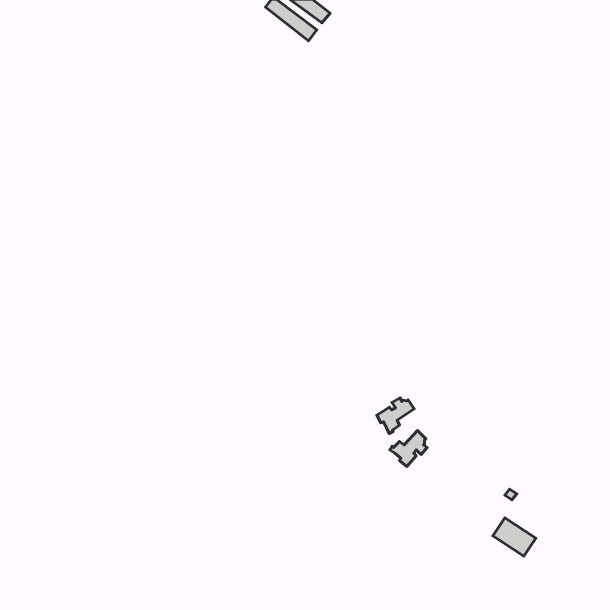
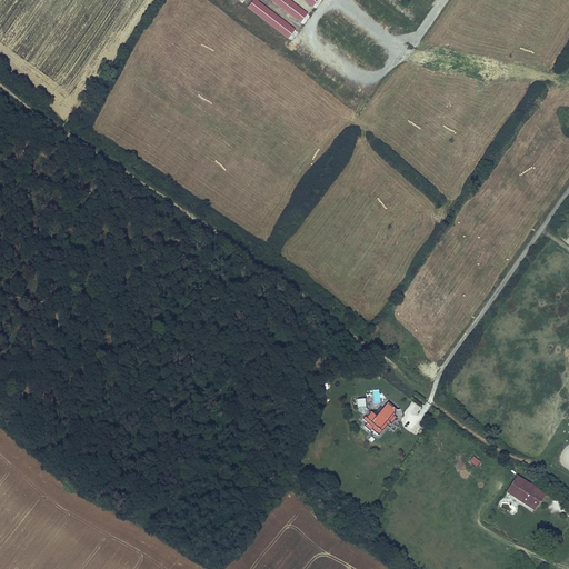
building: [377,398,414,433] -> none
building: [493,518,536,556] -> [506,473,546,509]

